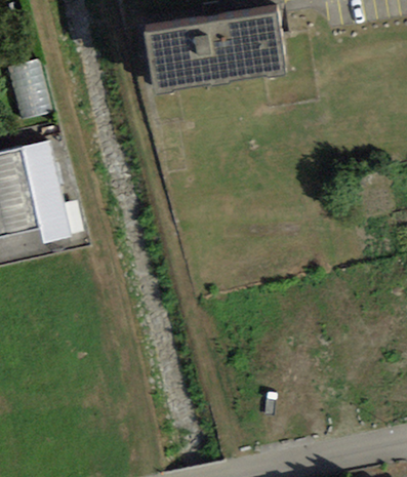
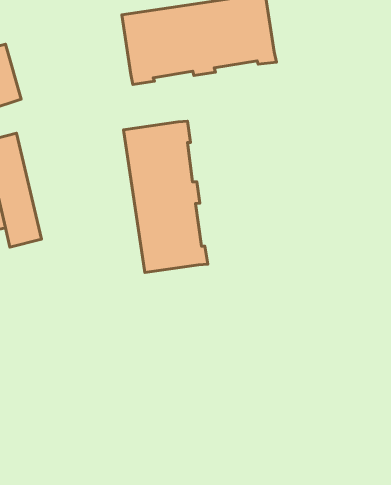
building: none -> [123,121,208,273]

